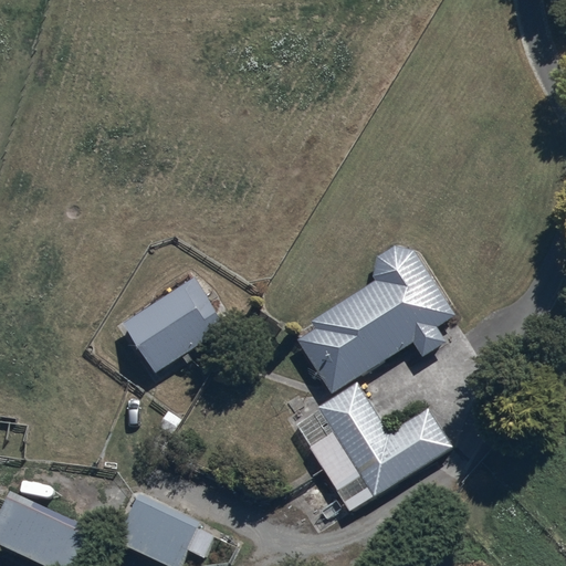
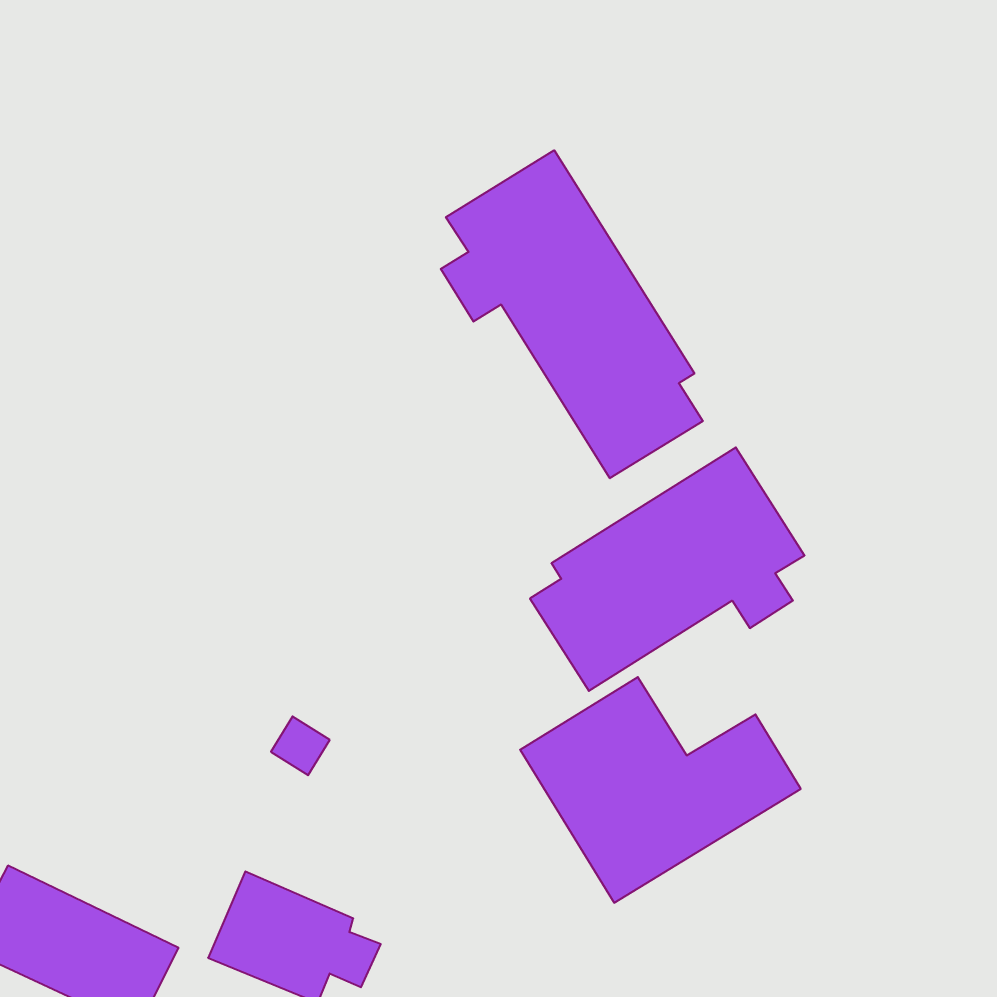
building: none -> [441,150,703,478]
building: [123,281,228,374] -> none

